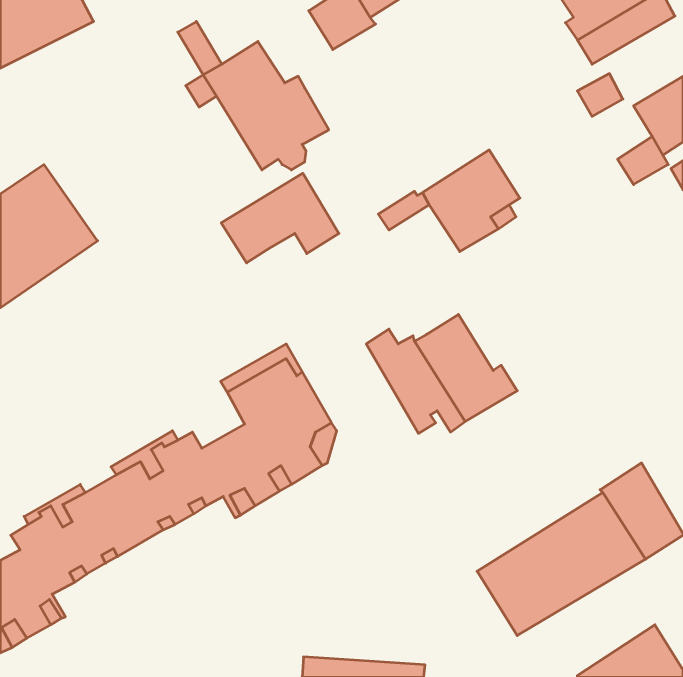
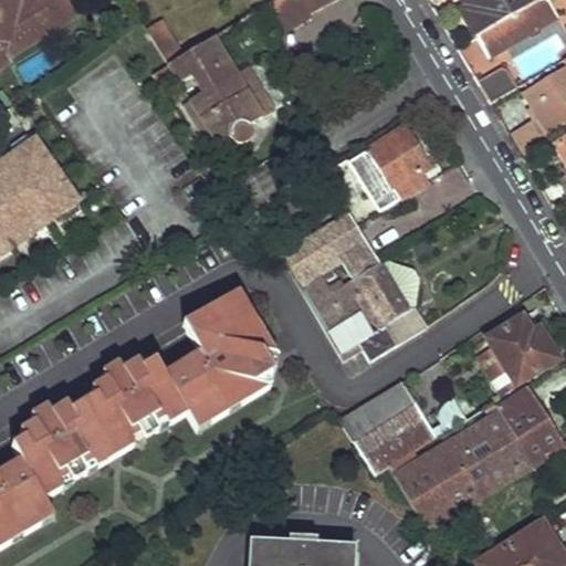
building: [221,173,339,263] -> [282,210,379,284]
building: none -> [486,313,552,381]
building: none -> [340,380,438,471]

